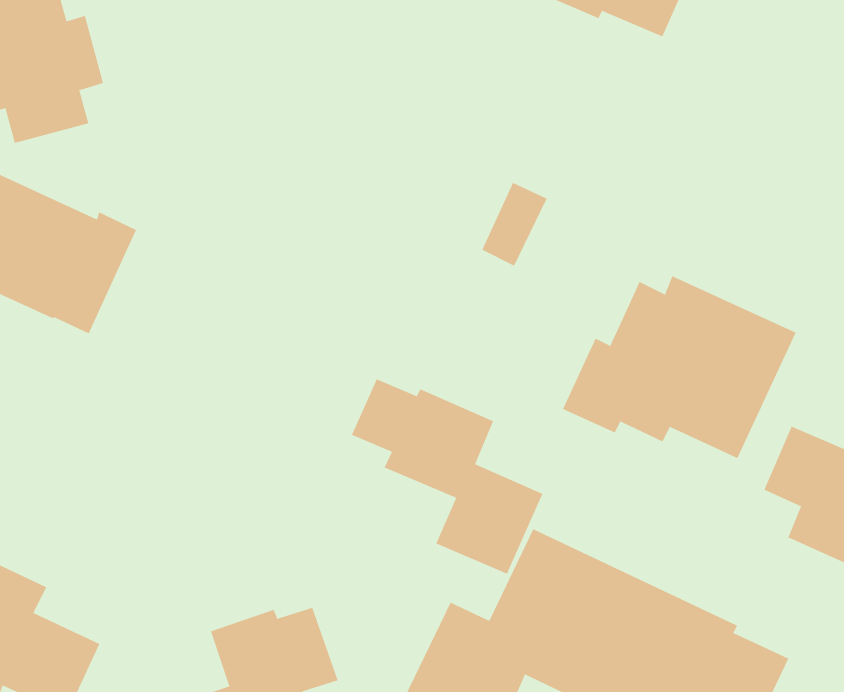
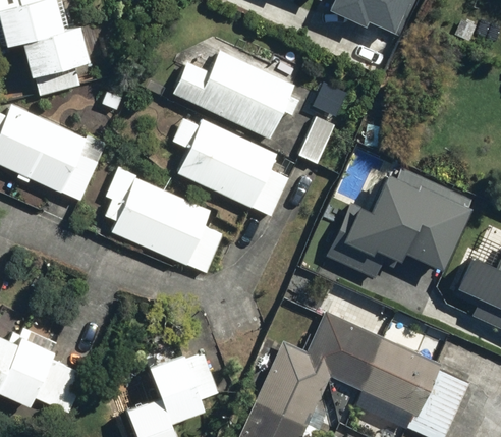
building: none -> [171,50,299,140]
building: none -> [172,118,289,218]
building: none -> [103,167,224,274]
building: [351,379,543,574] -> none

